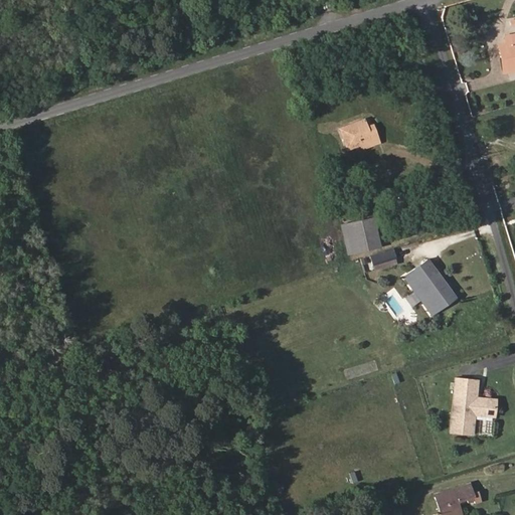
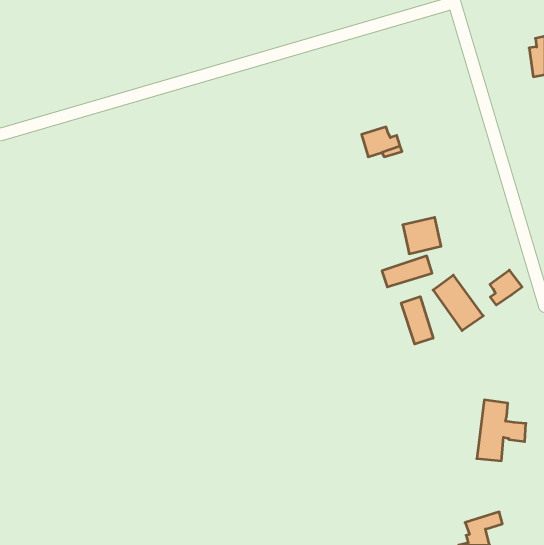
building: [341,219,377,253] -> [403,217,441,254]
building: none -> [490,270,522,305]
building: none -> [401,297,433,344]

